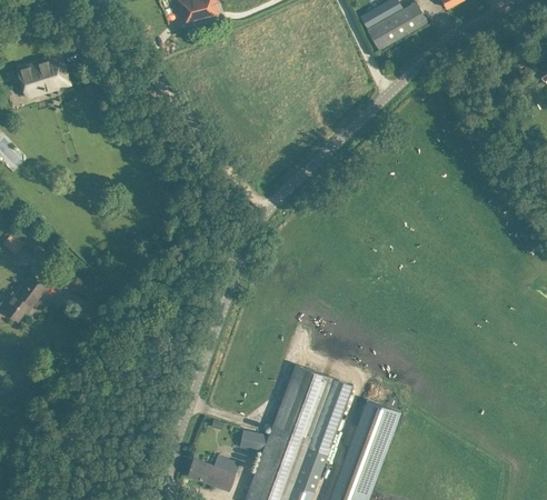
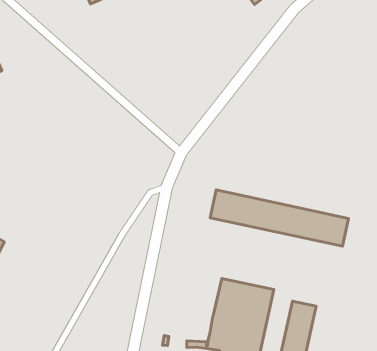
building: none -> [210,190,349,246]

